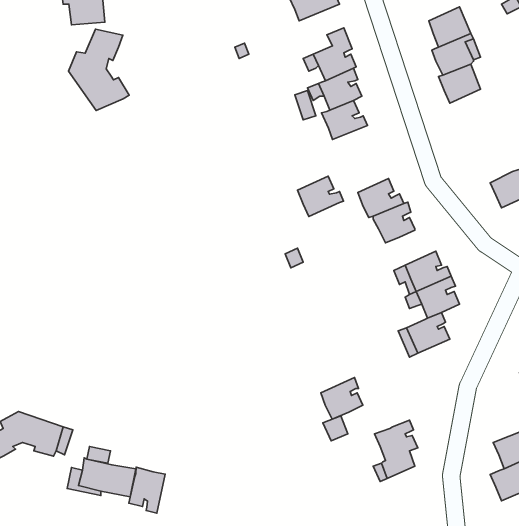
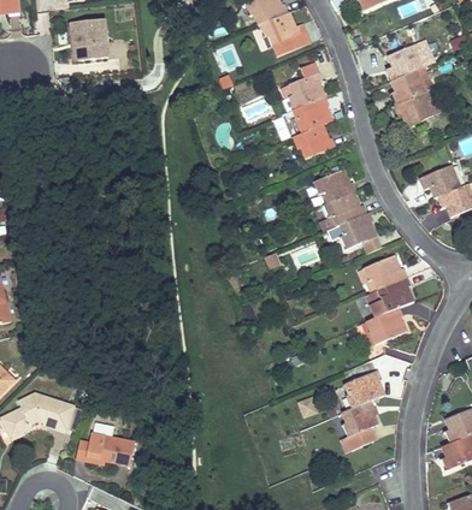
building: [69,29,129,111] -> none
building: none -> [424,165,460,198]
building: [298,176,344,217] -> [317,170,356,204]
building: [321,377,363,419] -> [347,370,383,407]
building: [129,467,165,513] -> none

